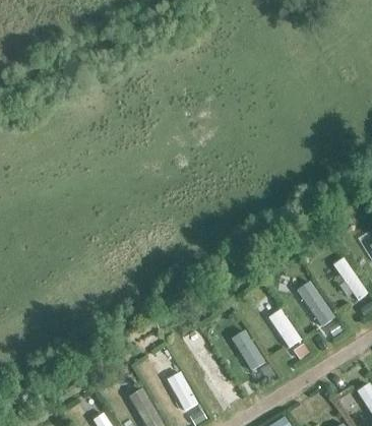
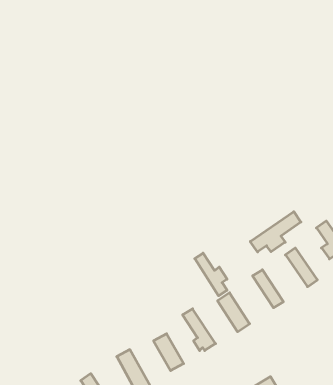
building: none -> [250,212,301,252]
building: none -> [195,253,227,296]

